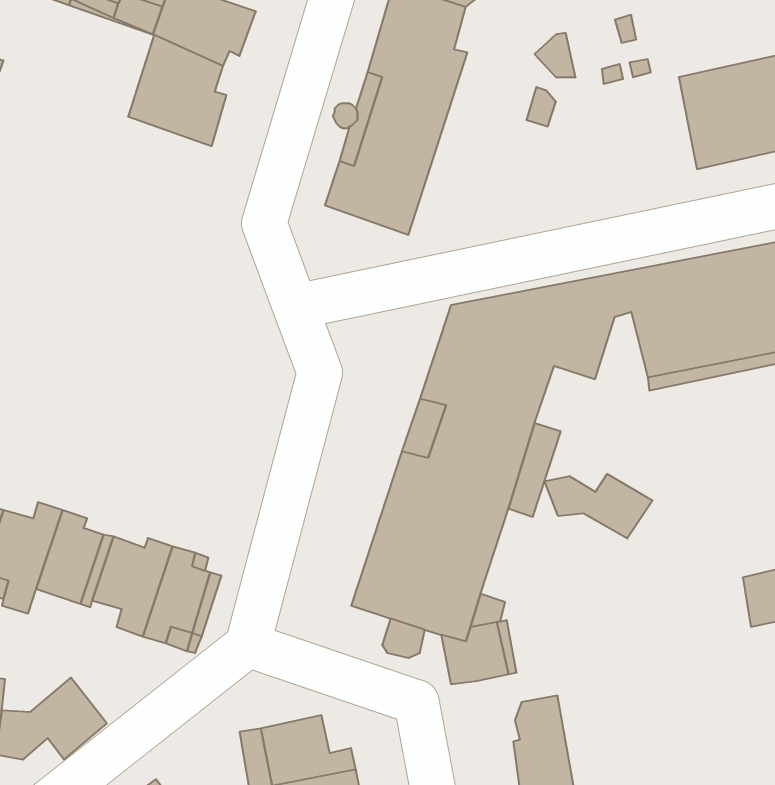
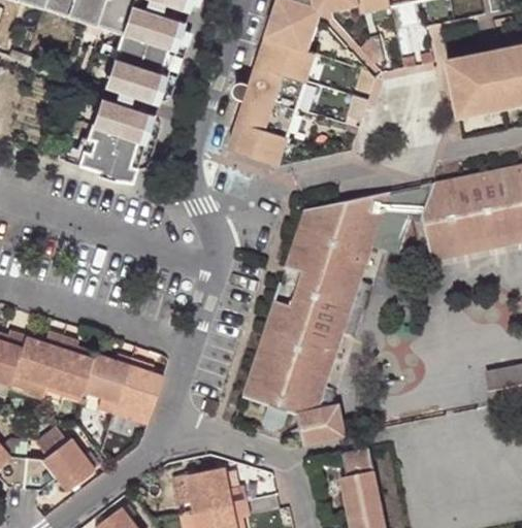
building: none -> [76,100,152,186]
building: [545,474,653,539] -> none

